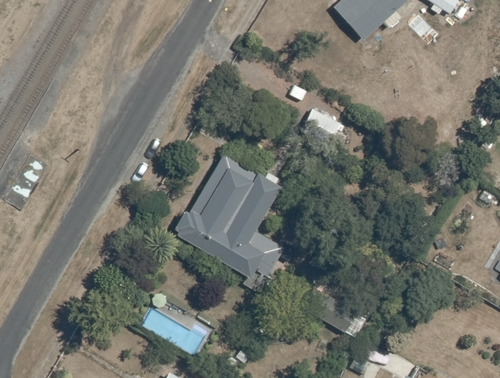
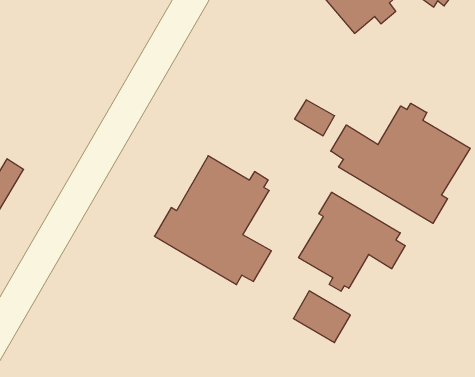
building: none -> [331,103,470,223]
building: none -> [299,192,405,291]

